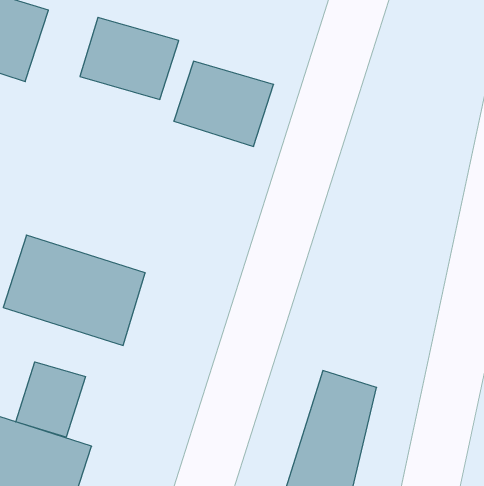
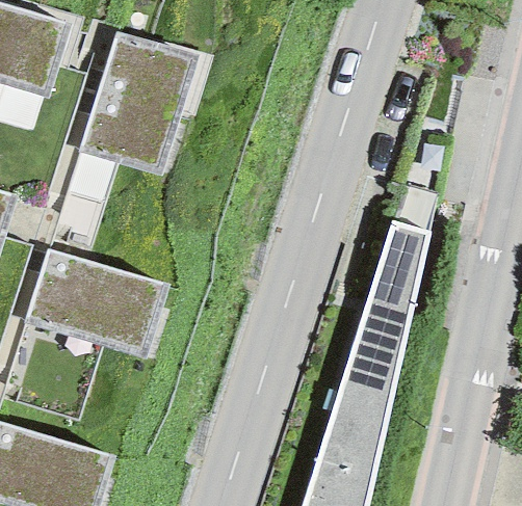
building: [174,61,274,146] -> [79,91,178,176]
building: none -> [339,222,429,399]
building: [16,362,86,437] -> none

